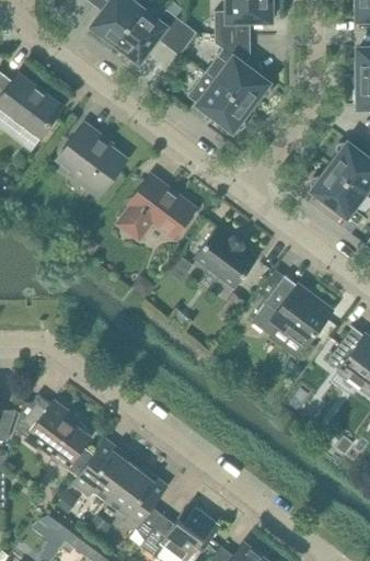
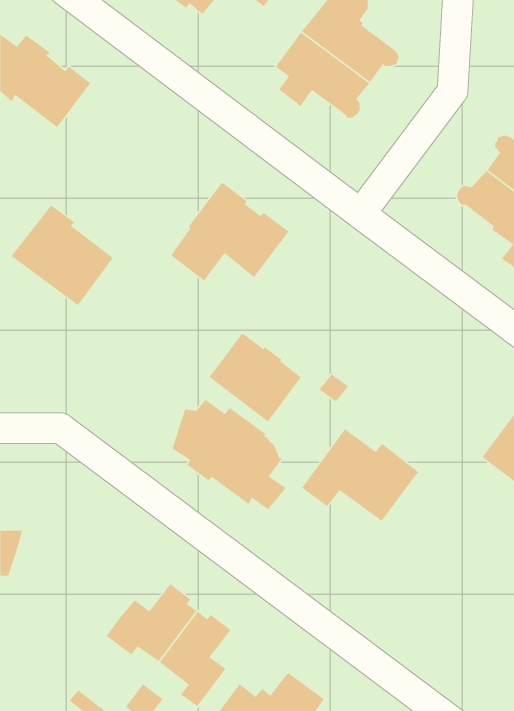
building: [57,124,127,193] -> [10,205,114,306]
building: [195,227,258,288] -> [208,332,302,422]
building: [252,282,332,345] -> [301,428,419,522]
building: [15,396,93,471] -> [171,399,286,510]

